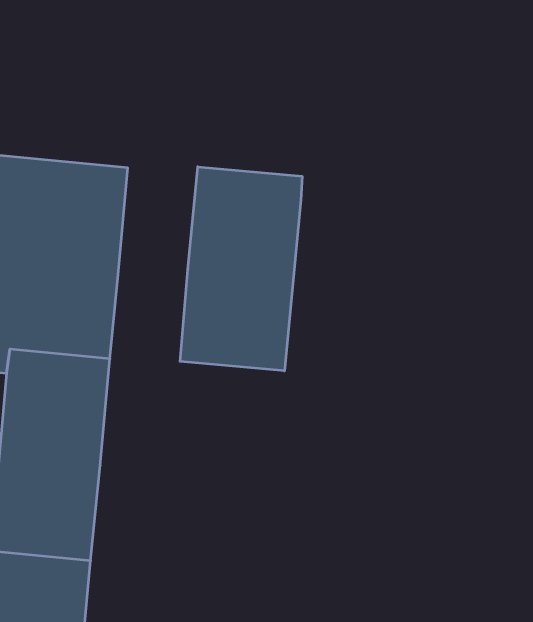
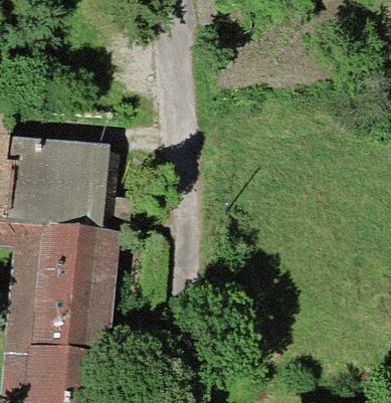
building: [180,167,302,371] -> none

